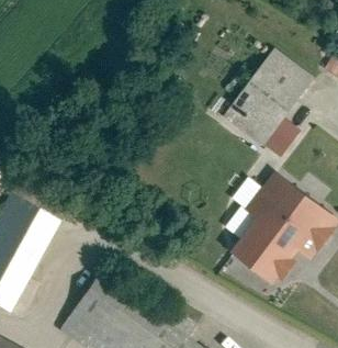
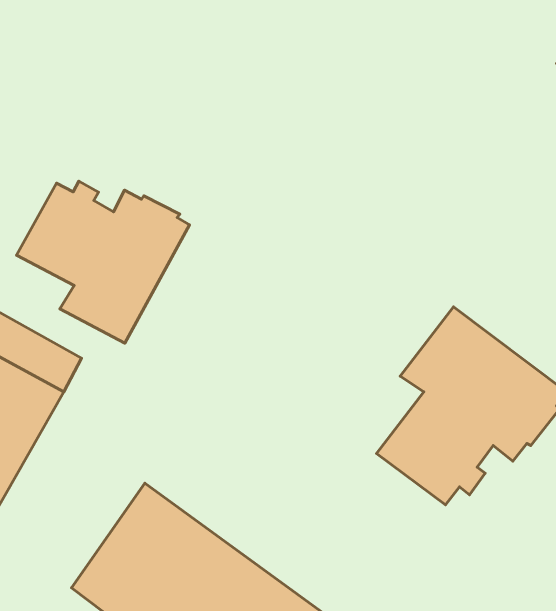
building: [224,50,313,153] -> none
building: none -> [17,181,190,343]

